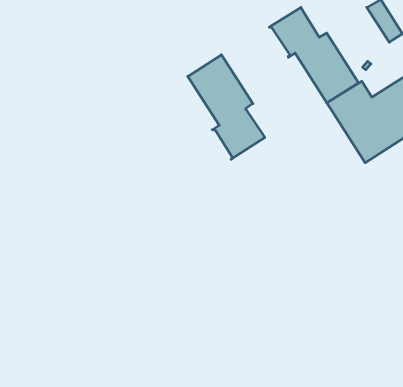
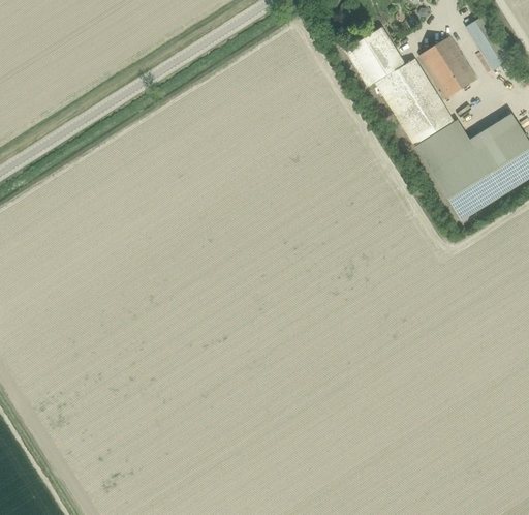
building: none -> [419,36,476,98]
building: [188,55,265,159] -> none

